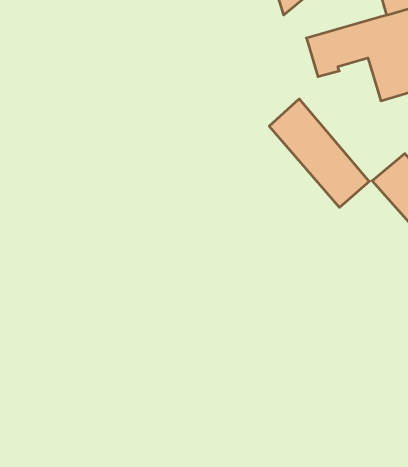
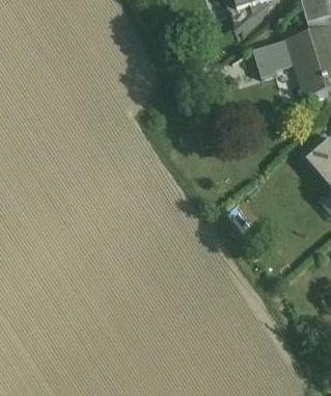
building: [269,99,369,207] -> none

